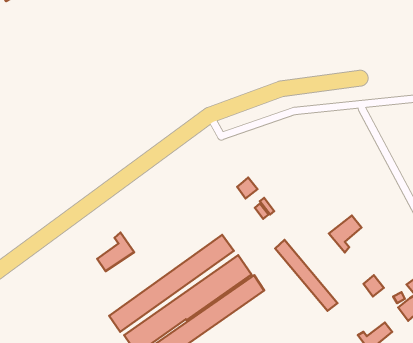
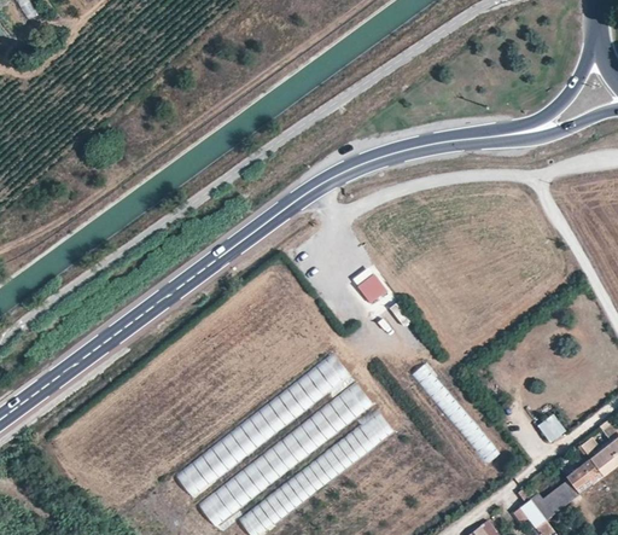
building: [329,215,362,253] -> none
building: [97,232,134,271] -> none
building: none -> [565,459,602,494]

